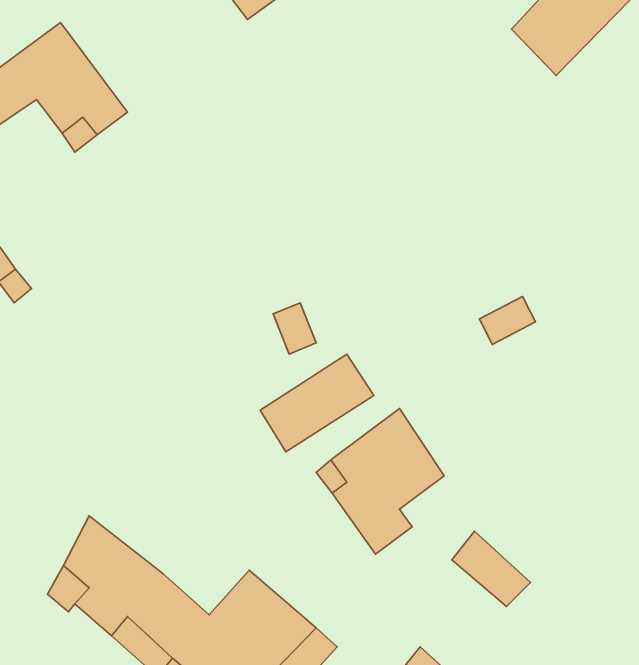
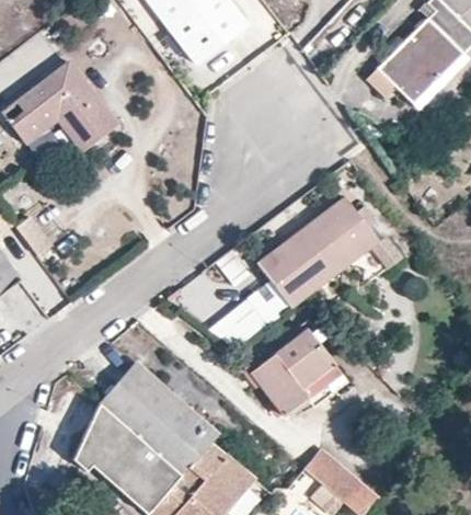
building: none -> [259,196,380,307]
building: none -> [93,357,211,468]
building: [452,531,530,606] -> [309,445,363,496]

